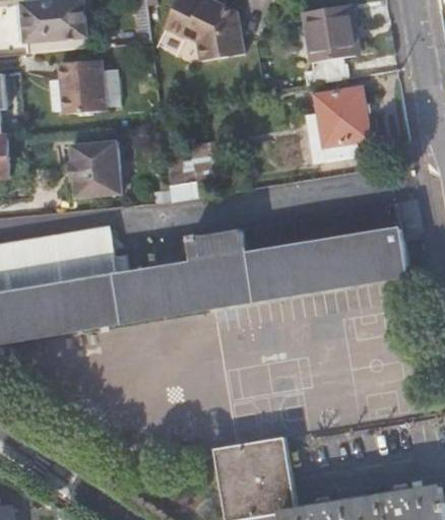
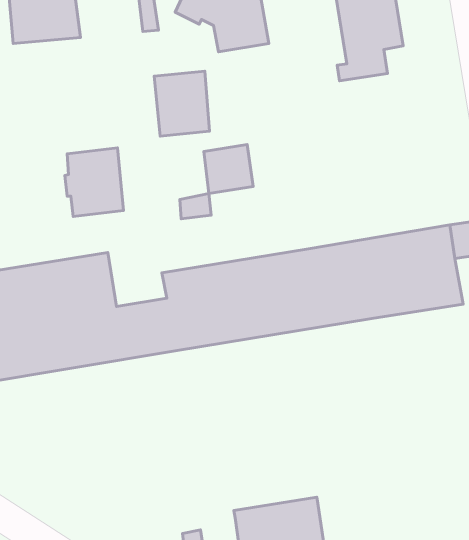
building: [59,59,106,114] -> [154,71,209,136]
building: [303,85,371,164] -> none

